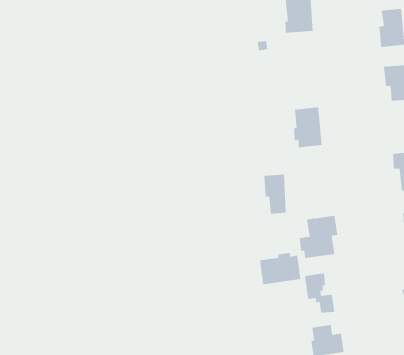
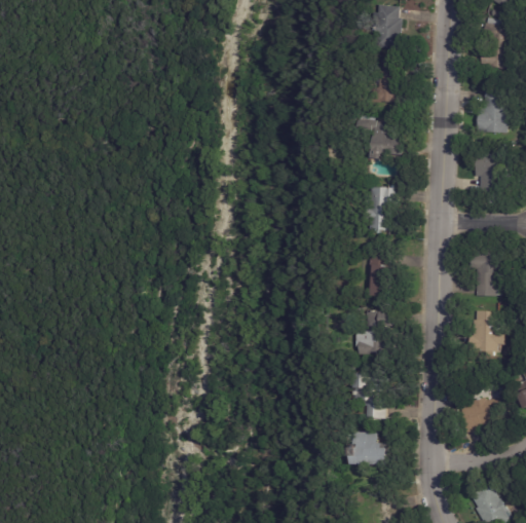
building: none -> [367,119,403,158]
building: [264,174,286,214] -> [366,251,391,296]
building: [260,252,301,285] -> none

